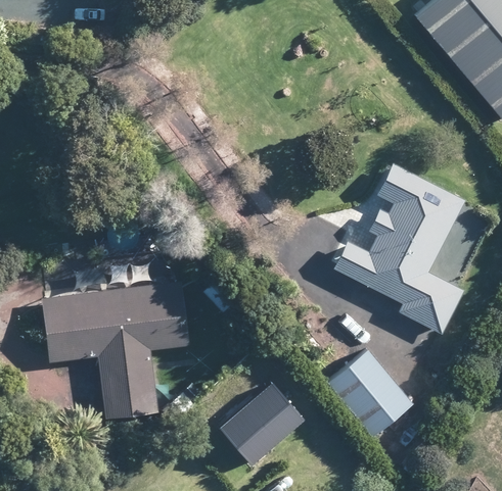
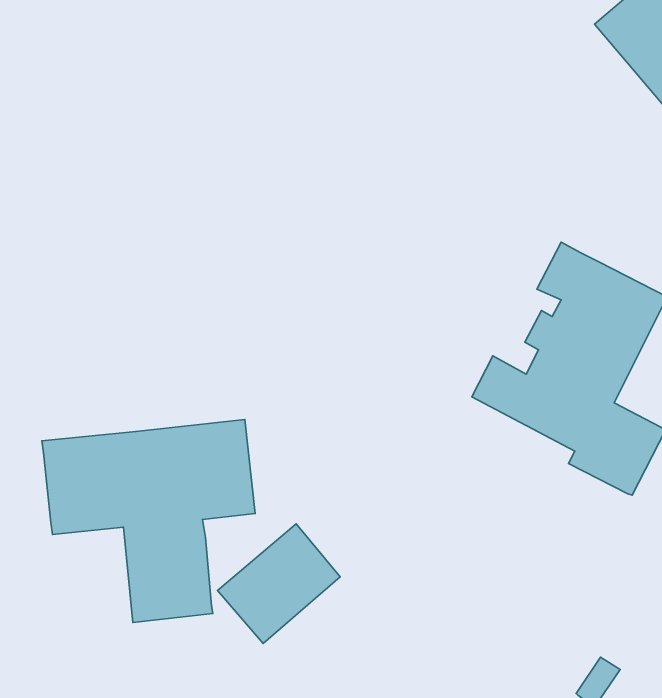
building: [327,347,413,435] -> none
building: [221,385,304,465] -> [218,524,340,644]

